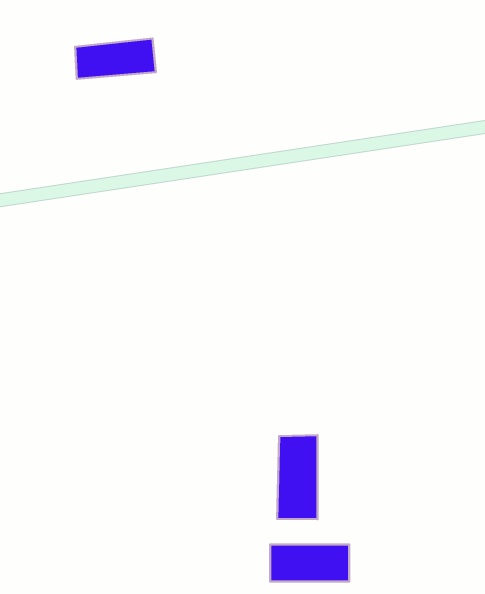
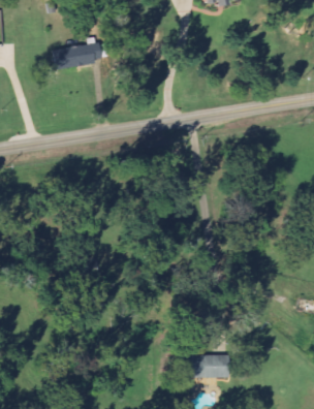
building: [277,435,317,519] -> none

